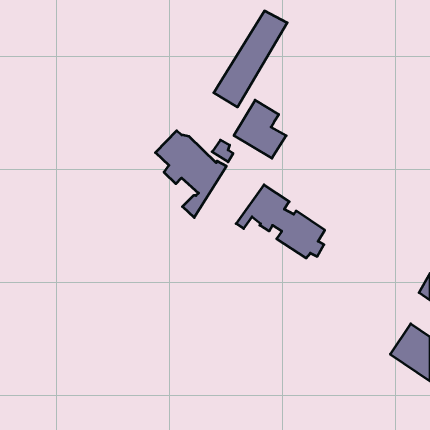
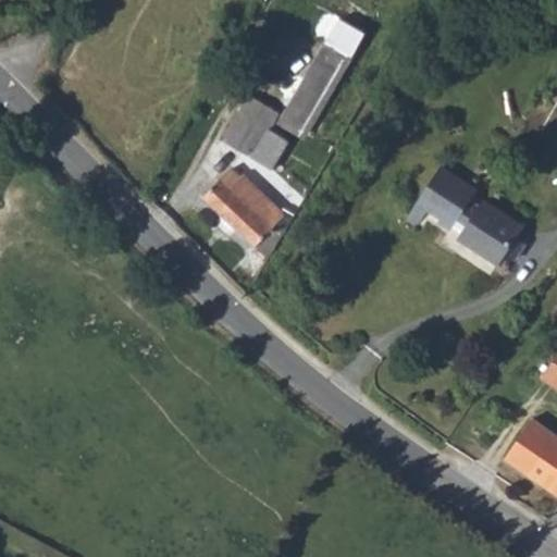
building: [234,100,286,158] -> [223,94,290,169]
building: [236,185,325,258] -> [404,168,518,262]

